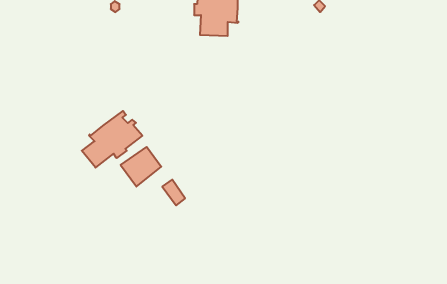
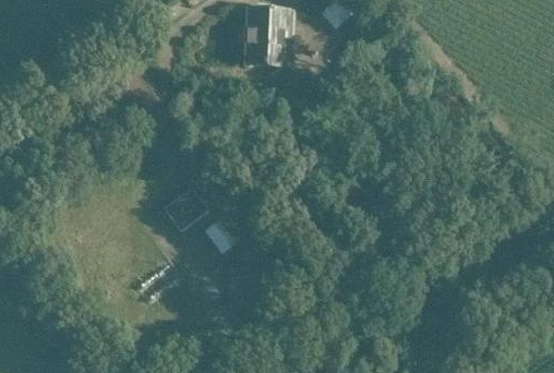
building: [82,111,142,168] -> none

